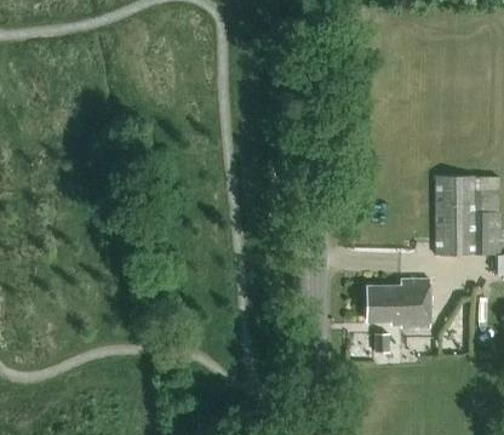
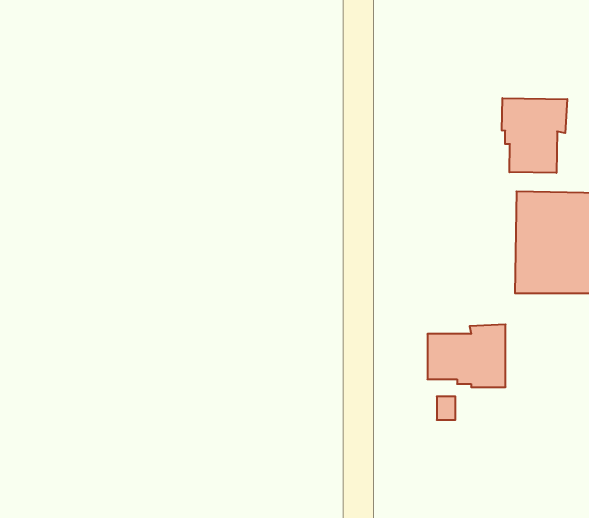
building: none -> [502,98,567,173]

